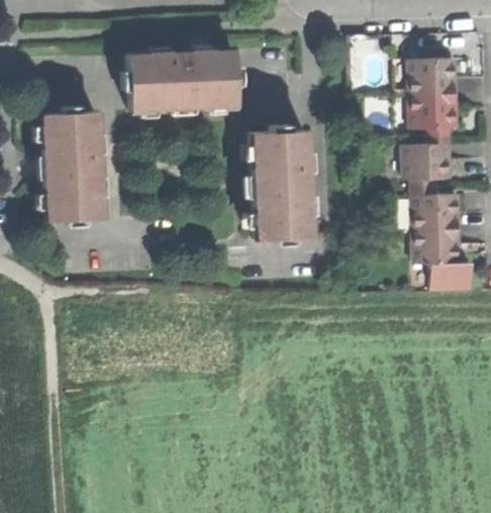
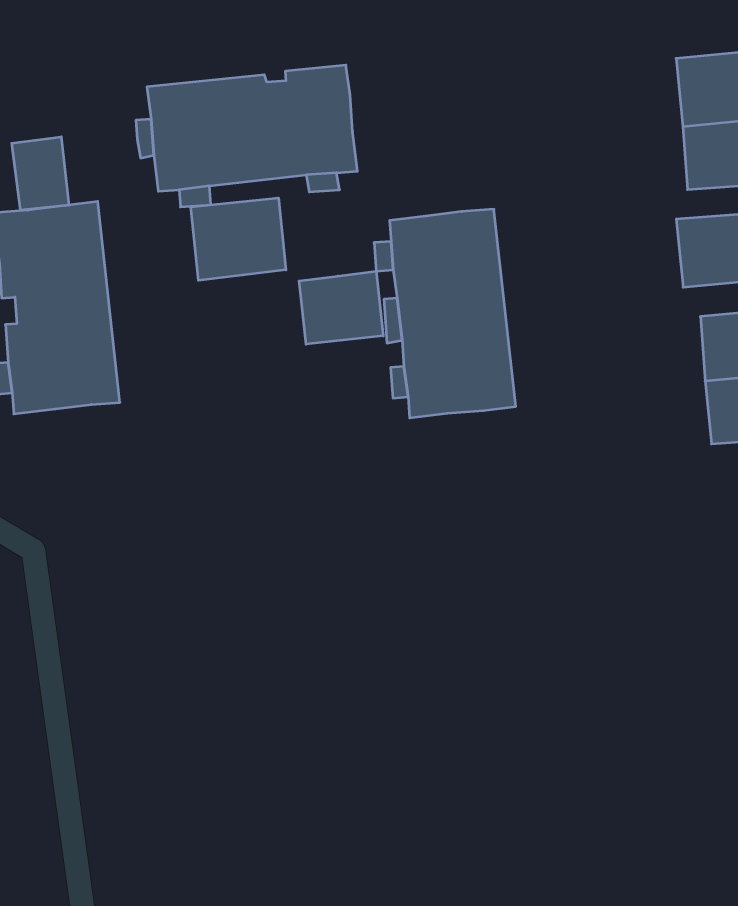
building: none -> [12,137,69,210]
building: none -> [191,198,286,280]
building: none -> [299,271,383,344]

